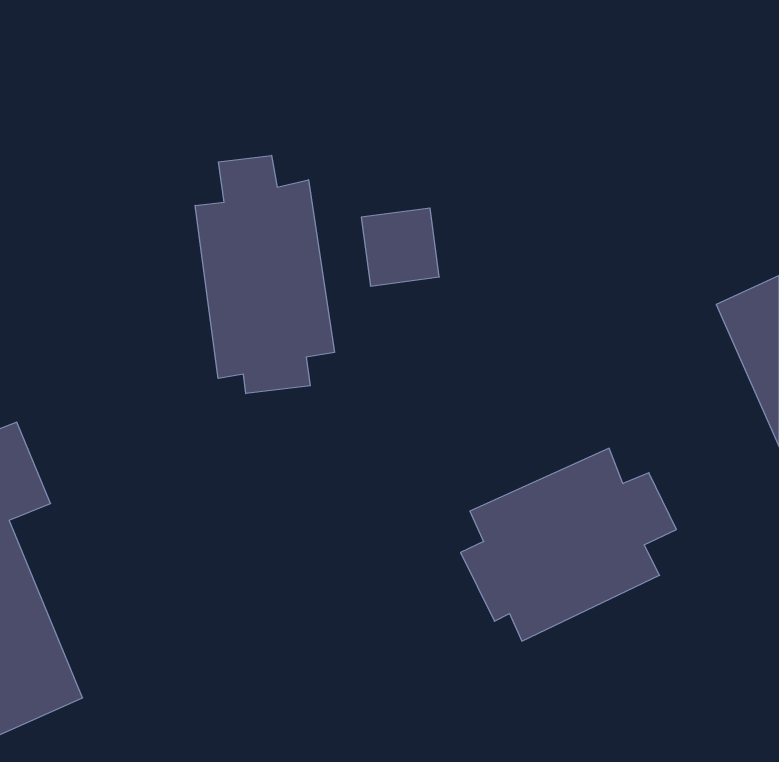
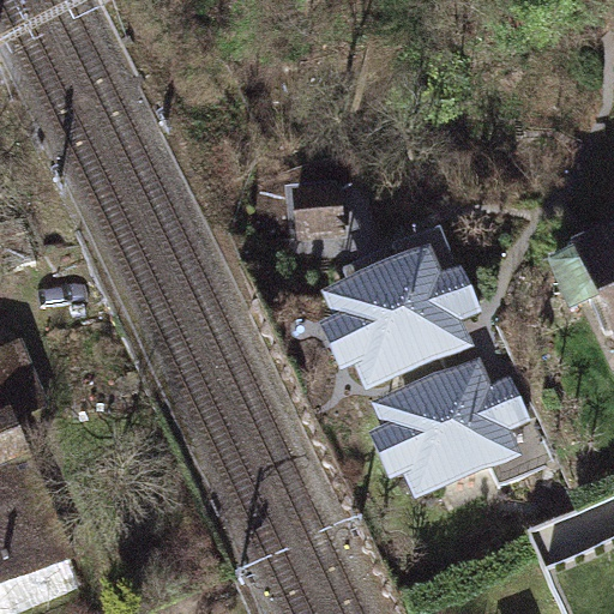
building: [195,155,334,394] -> none
building: none -> [319,245,487,401]

